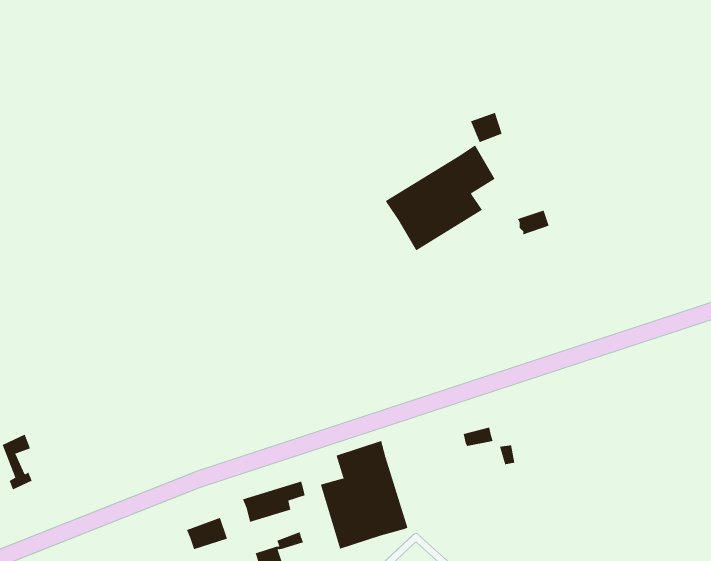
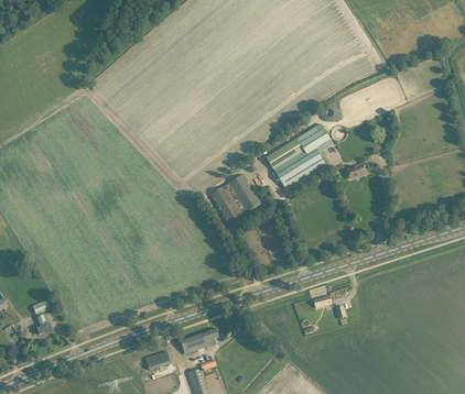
building: none -> [209,174,260,223]
building: [320,440,408,549] -> none

